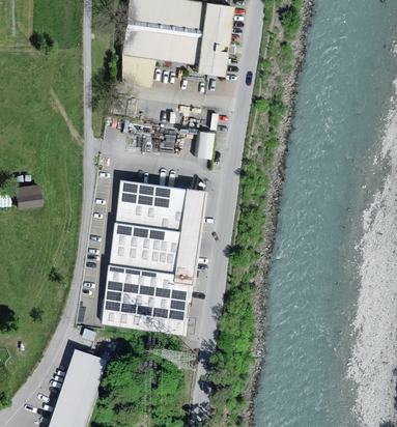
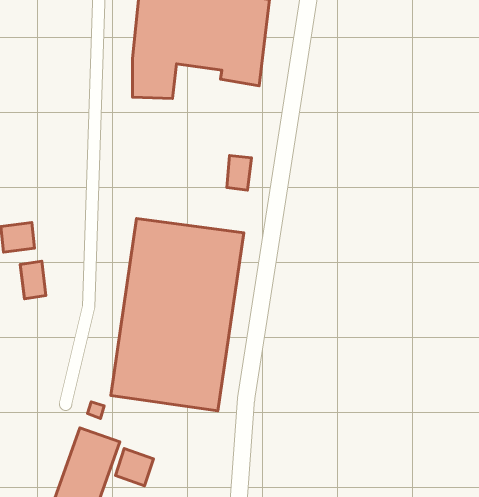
building: none -> [20,261,46,299]
building: none -> [116,449,153,486]

